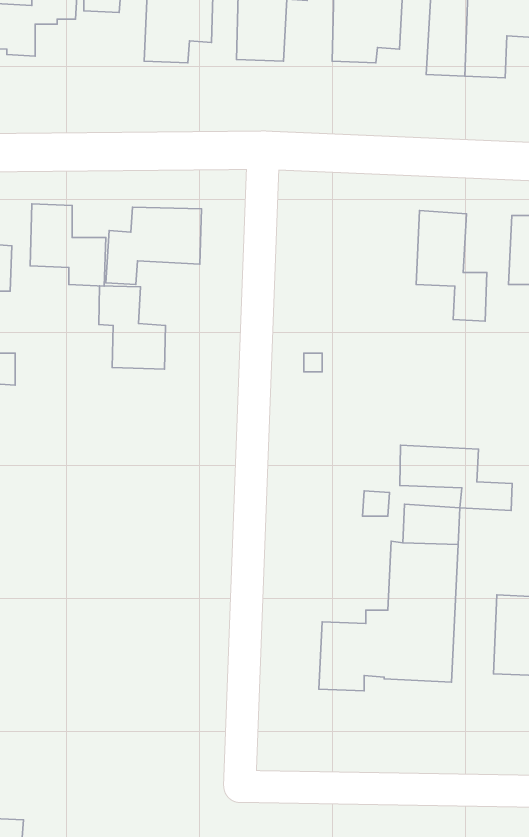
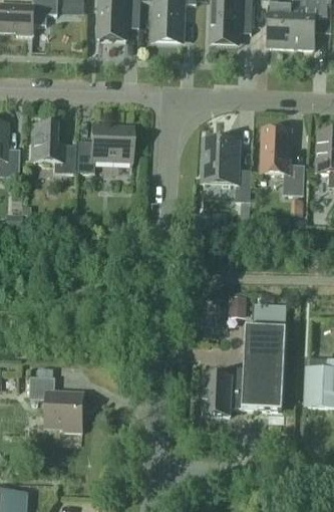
building: none -> [203,139,251,201]
building: [99,286,165,369] -> none
building: [400,445,512,511] -> none
building: none -> [28,375,83,432]

